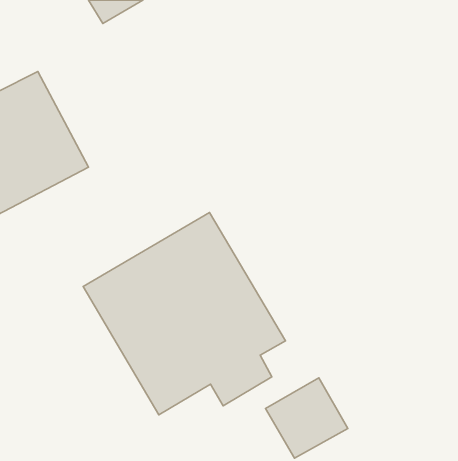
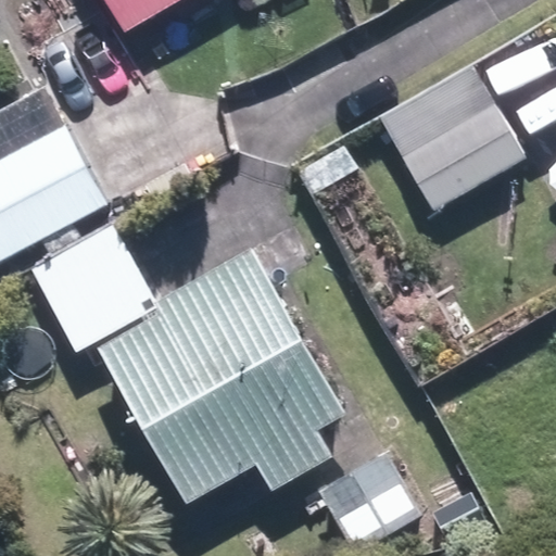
building: none -> [383,71,519,207]
building: none -> [33,227,155,349]

